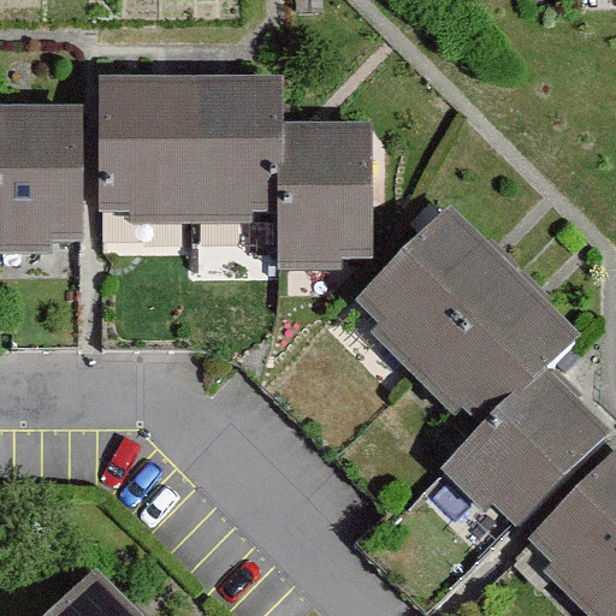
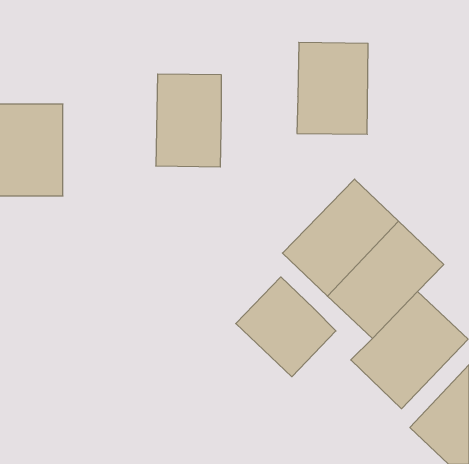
building: [117,94,201,213] -> none
building: [282,144,373,262] -> [297,42,368,134]
building: none -> [236,277,336,377]

